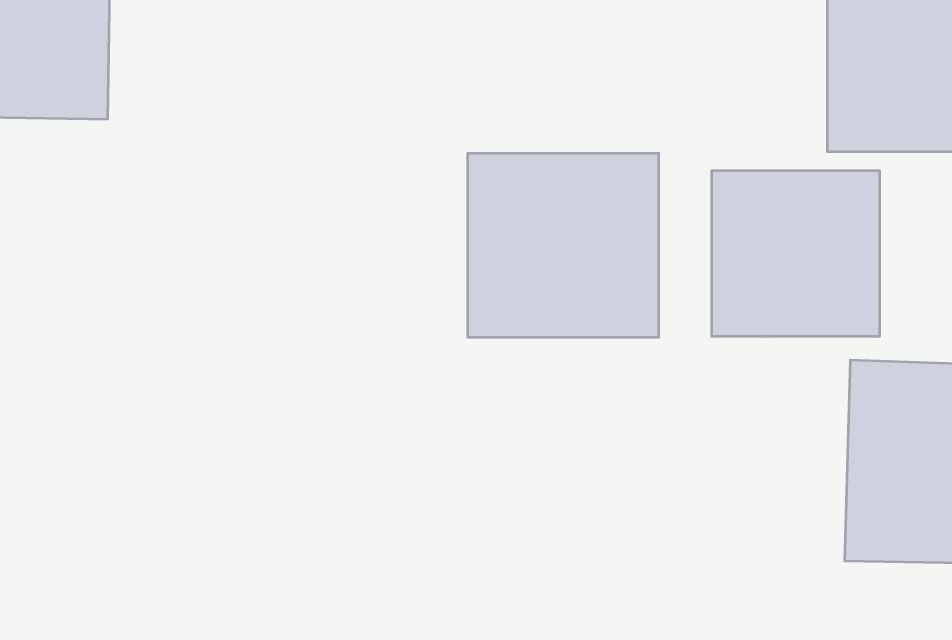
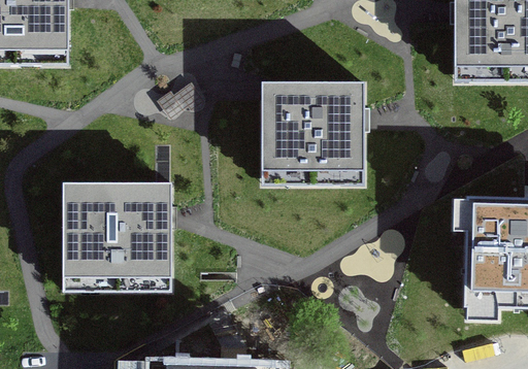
building: [712,171,879,337] -> none
building: none -> [62,179,171,288]

